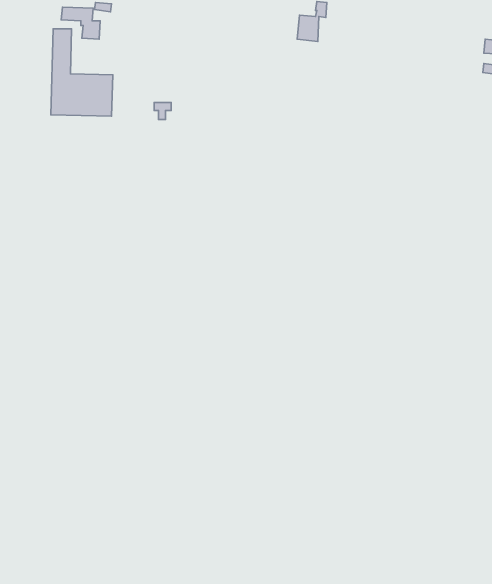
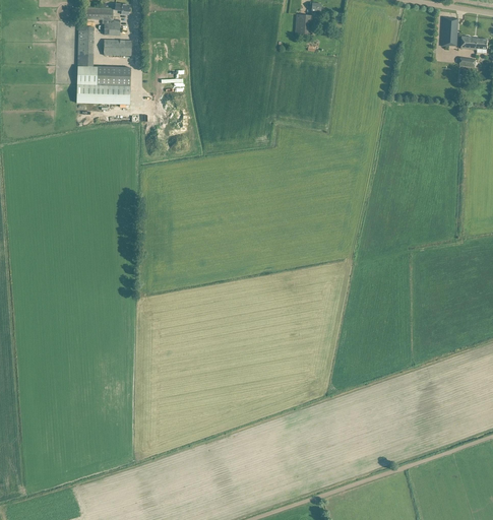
building: none -> [441,16,458,46]
building: none -> [104,40,132,56]

